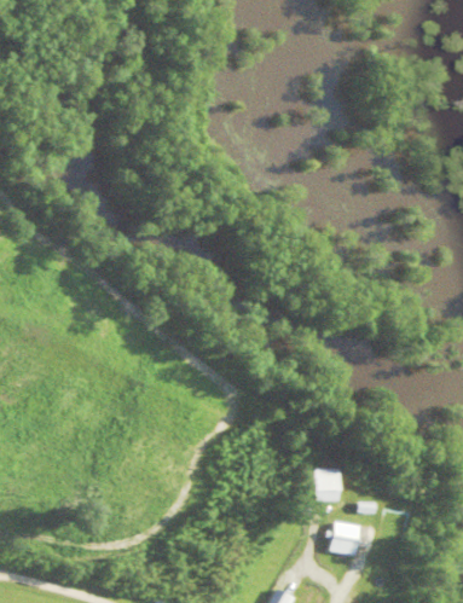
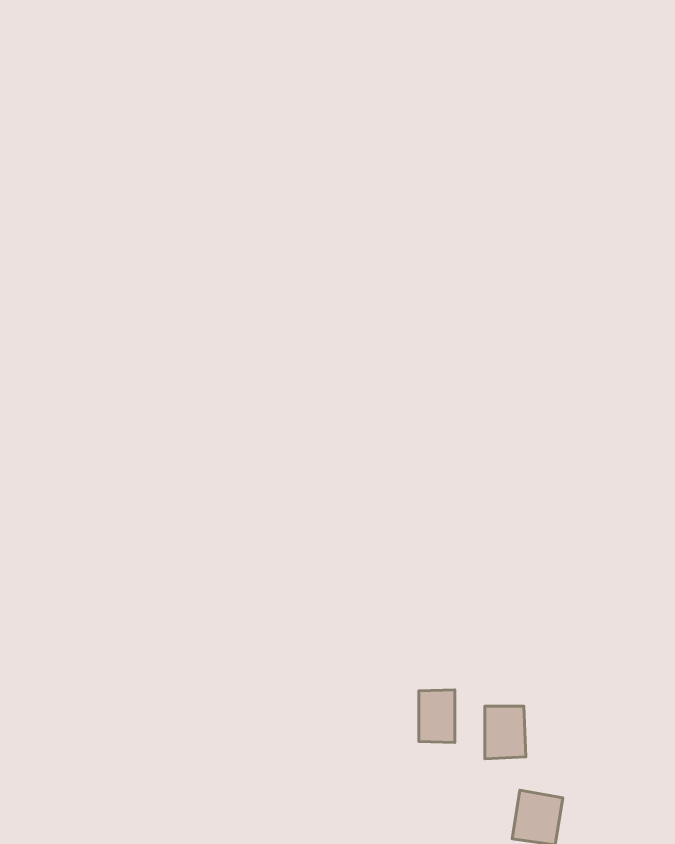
building: none -> [419,690,455,742]

